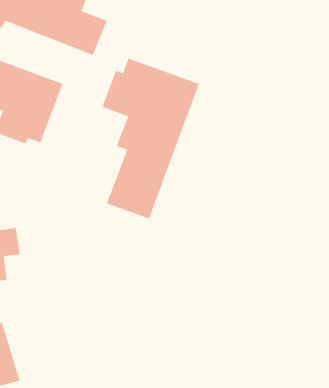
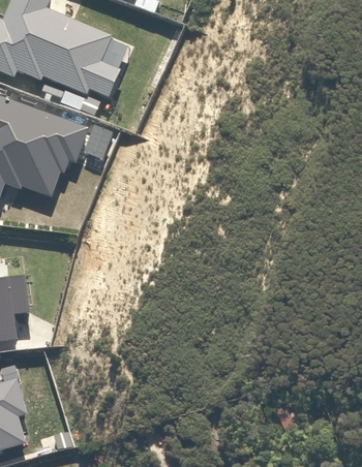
building: [101,57,200,220] -> none

